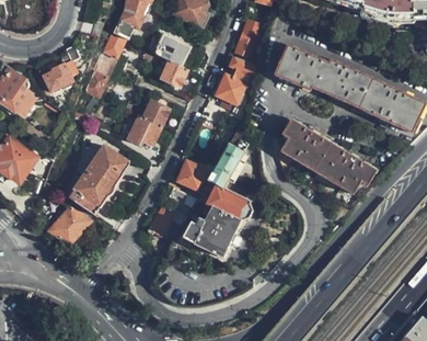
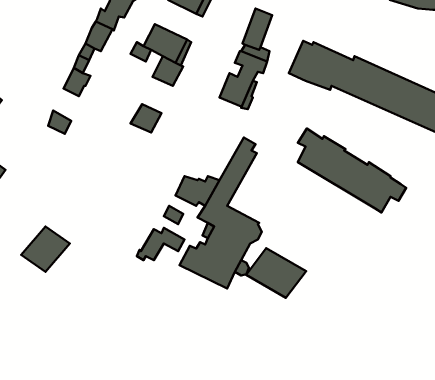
building: [41,46,79,92] -> none
building: [127,116,160,145] -> none
building: [67,146,128,215] -> none
building: none -> [246,248,306,298]

